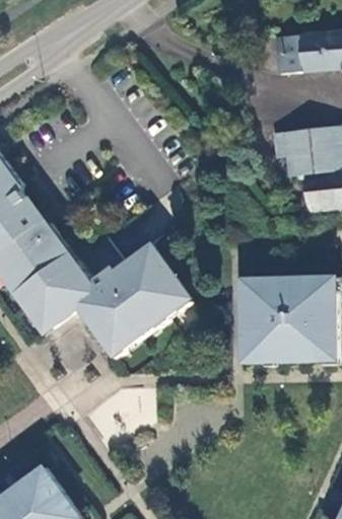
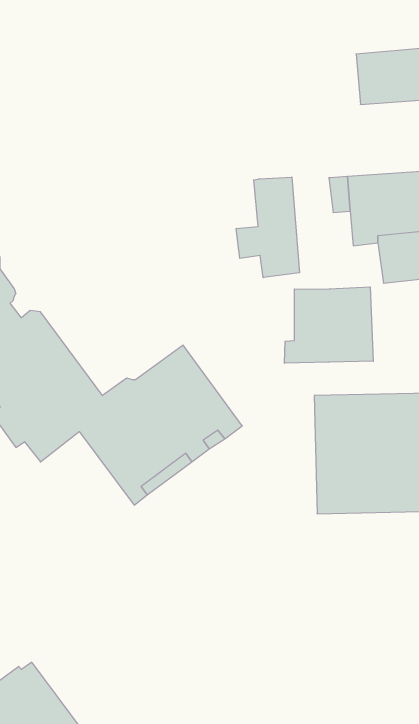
building: none -> [236,177,300,278]
building: none -> [285,287,373,363]

